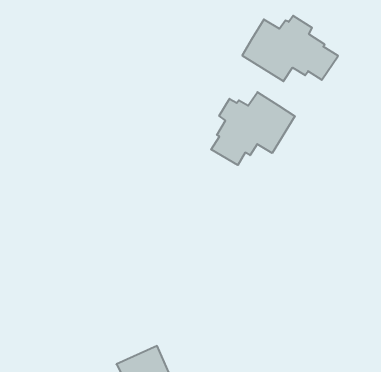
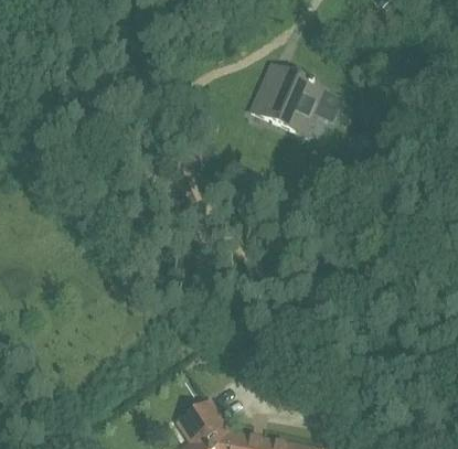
building: [211,92,295,165] -> none

